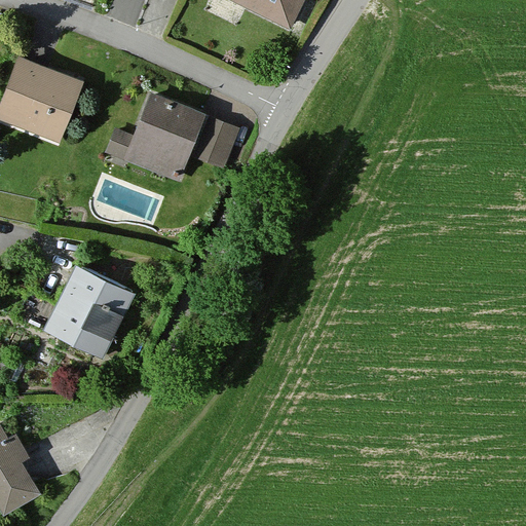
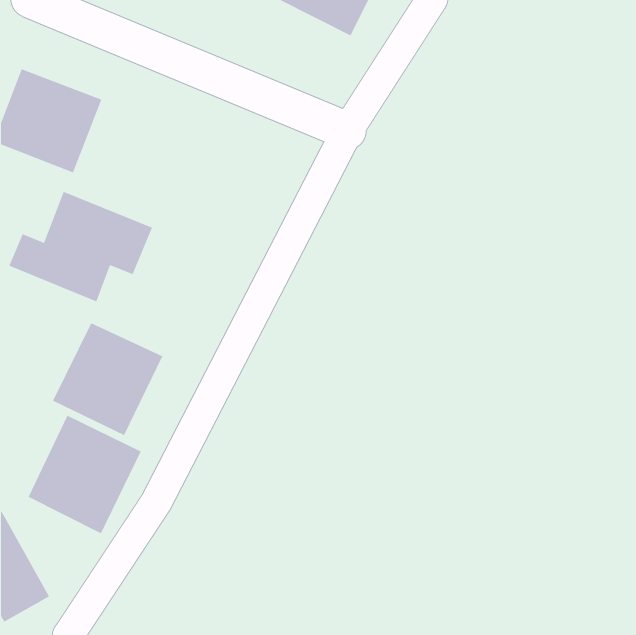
building: [106,92,225,184] -> [9,191,153,302]
building: none -> [28,415,142,534]

